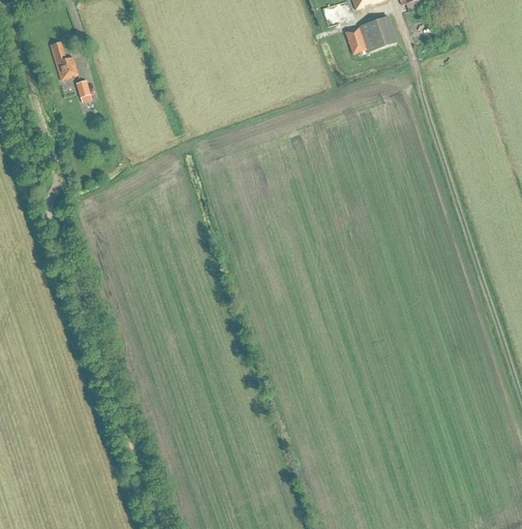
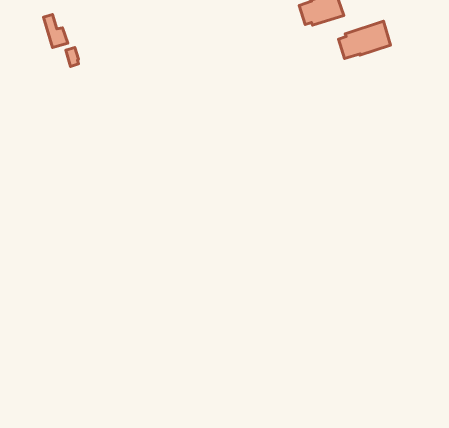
building: none -> [338,21,391,58]

